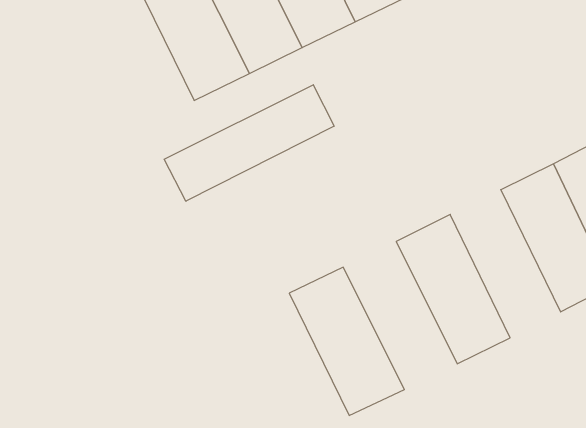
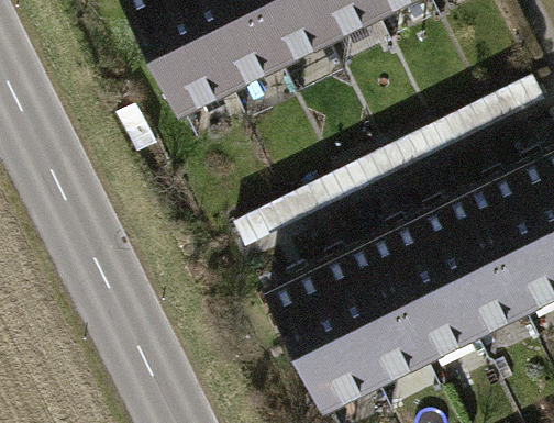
building: [164,85,334,201] -> none
building: none -> [424,198,528,336]
building: none -> [324,246,431,385]

